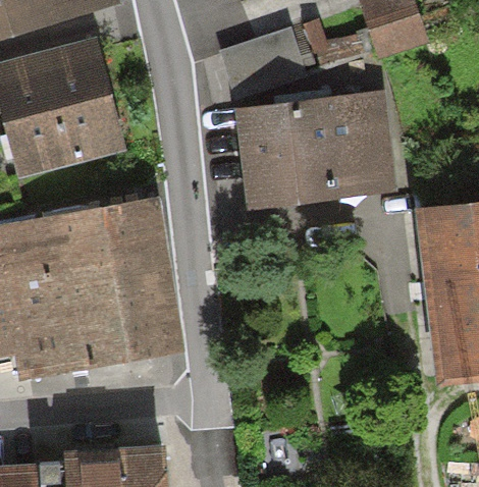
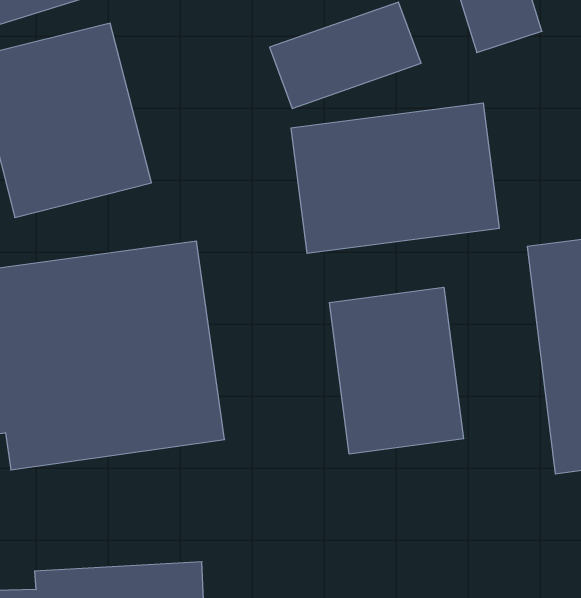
building: none -> [329,287,464,454]

